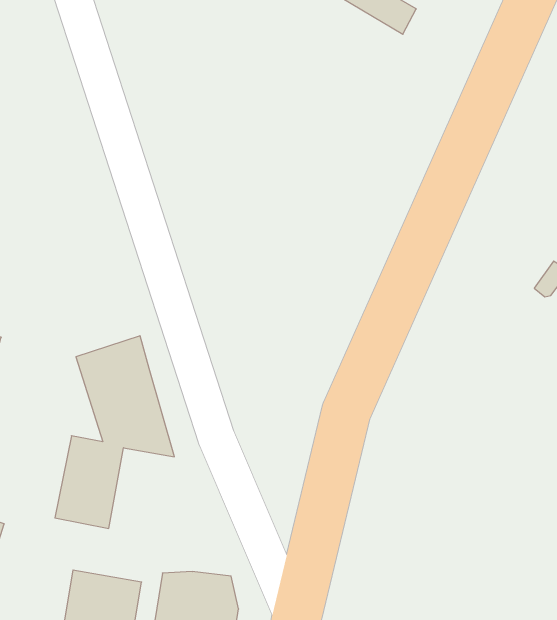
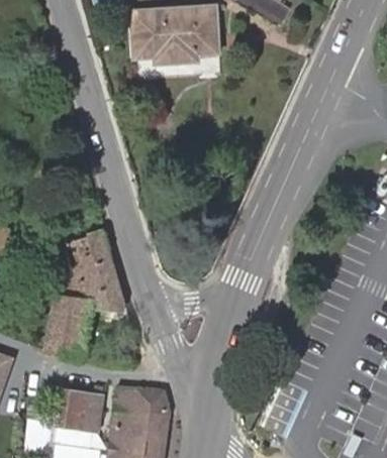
building: none -> [132,9,218,65]

